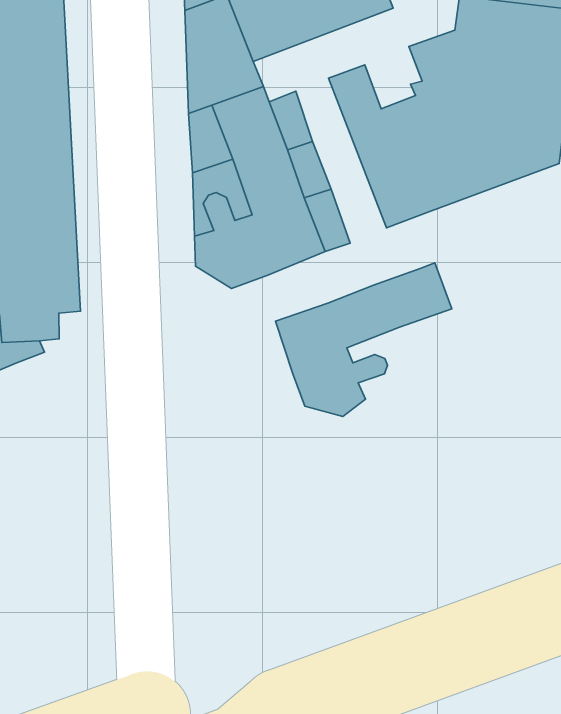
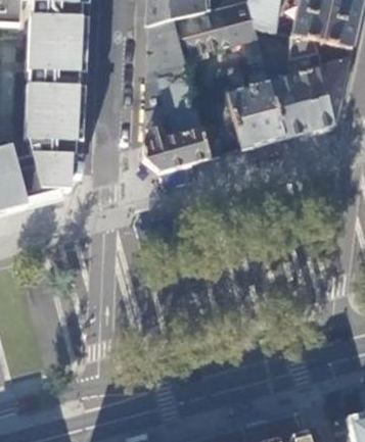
building: [276,263,452,417] -> none

